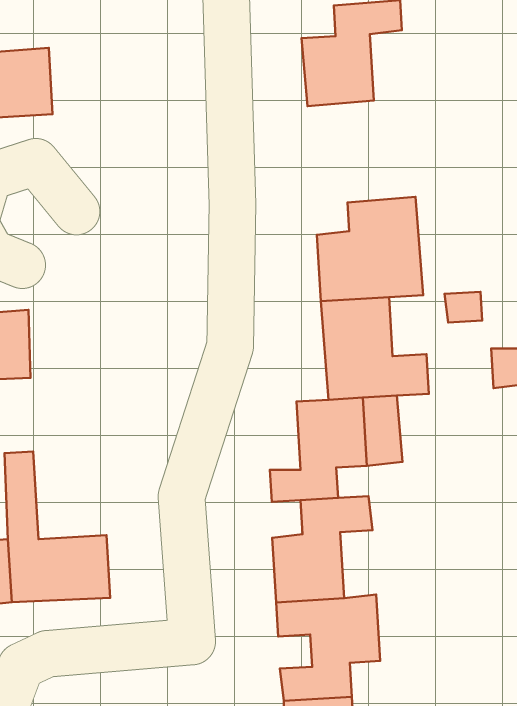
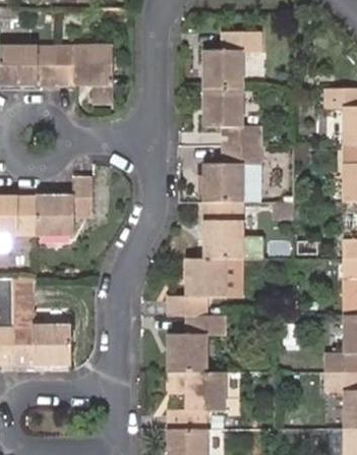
building: none -> [56,47,114,105]
building: none -> [200,89,258,146]
building: none -> [35,177,93,234]

